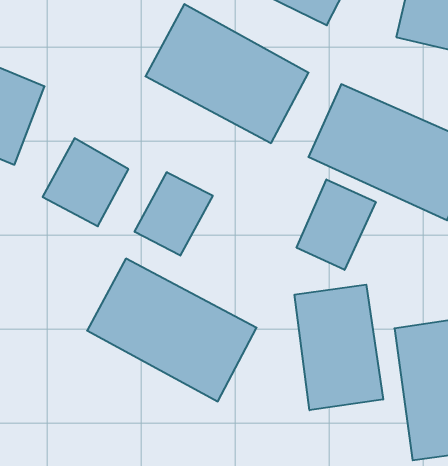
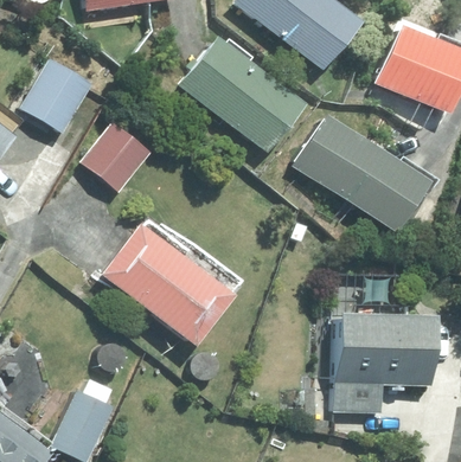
building: [135,172,213,256] -> none
building: [297,179,376,270] -> none
building: [295,285,383,410] -> none

